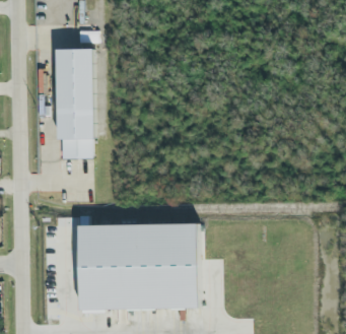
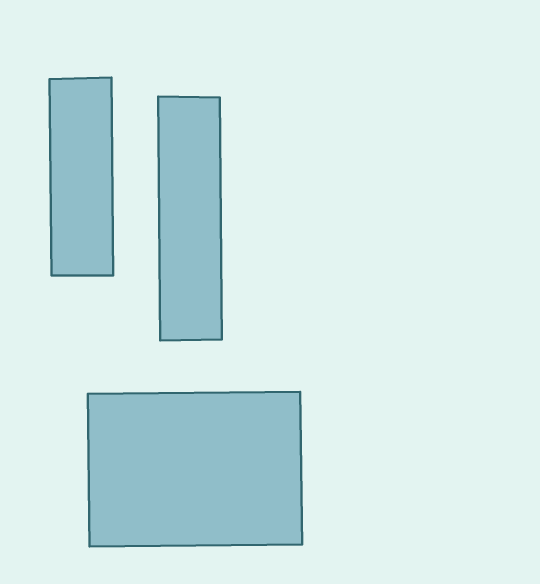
building: none -> [158,97,222,341]

